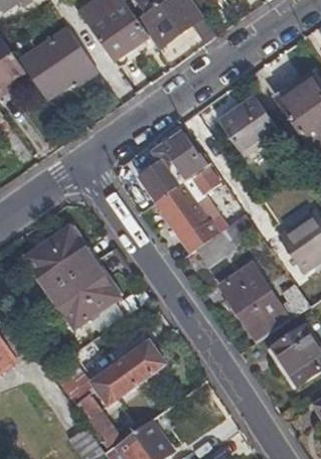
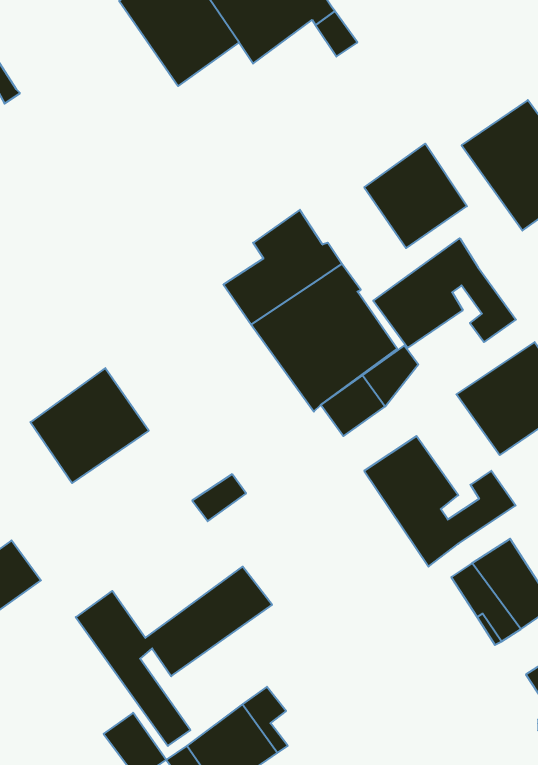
building: [20,28,96,96] -> none
building: none -> [373,238,516,348]
building: [50,261,119,327] -> none

